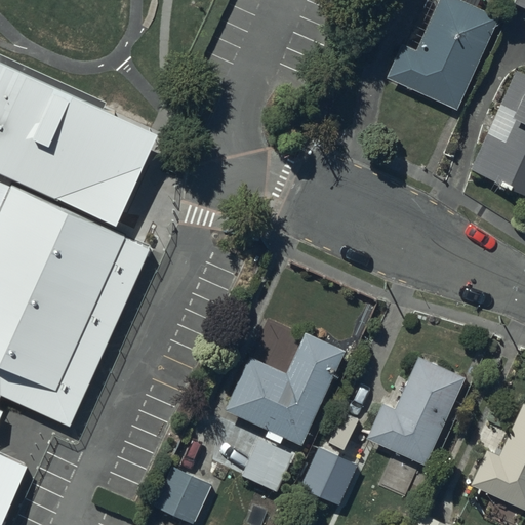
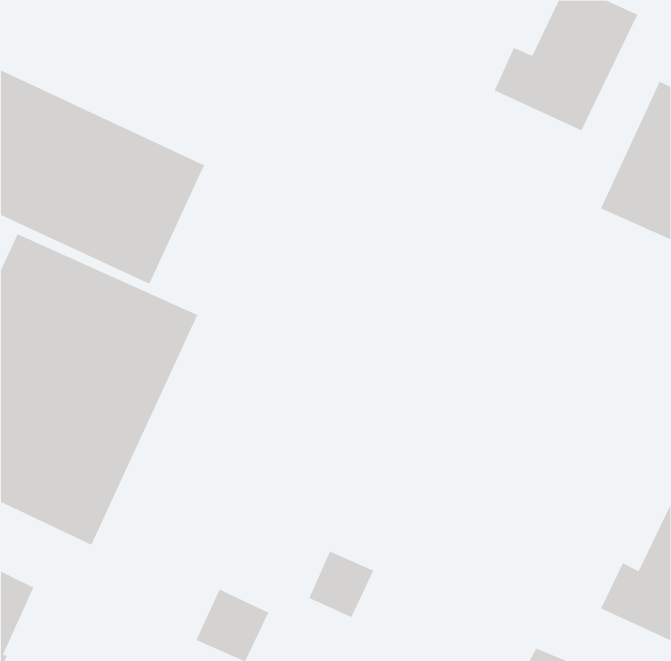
building: [224,330,345,444] -> none
building: [366,355,465,465] -> none
building: [299,448,356,506] -> none

